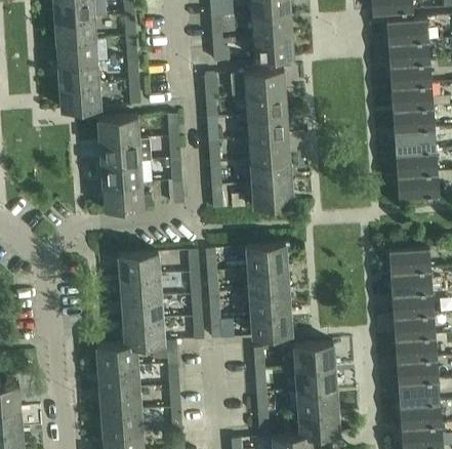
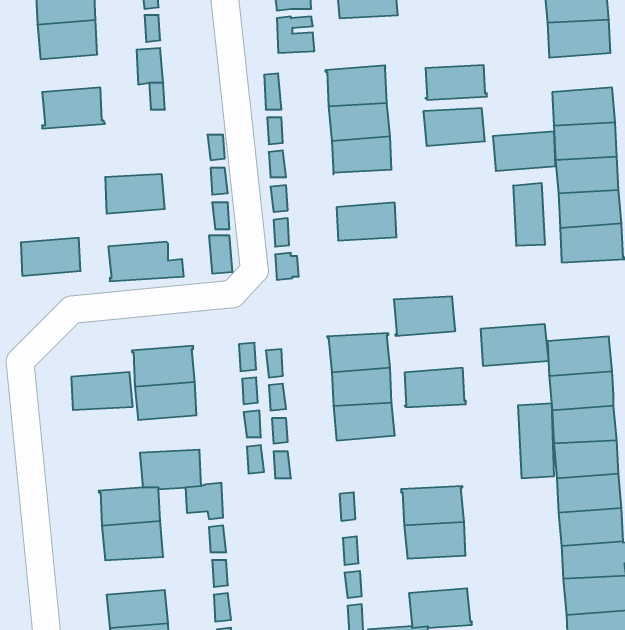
building: [253,37,293,59] -> [425,65,487,100]
building: [389,62,430,87] -> [493,132,556,171]
building: [58,63,97,87] -> none
building: [97,117,137,142] -> none
building: [249,137,289,162] -> [423,108,485,146]
building: none -> [513,183,545,246]
building: [101,163,140,188] -> [21,238,81,276]
building: [252,181,292,207] -> [394,296,455,336]
building: none -> [481,324,548,366]
building: none -> [518,403,554,478]
building: [122,297,162,322] -> [71,372,133,410]
building: [251,311,291,336] -> [405,368,466,407]
building: [297,389,336,413] -> none
building: [100,390,139,414] -> none

